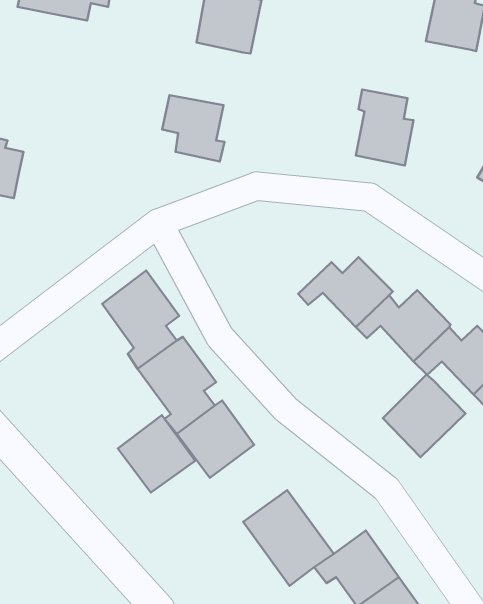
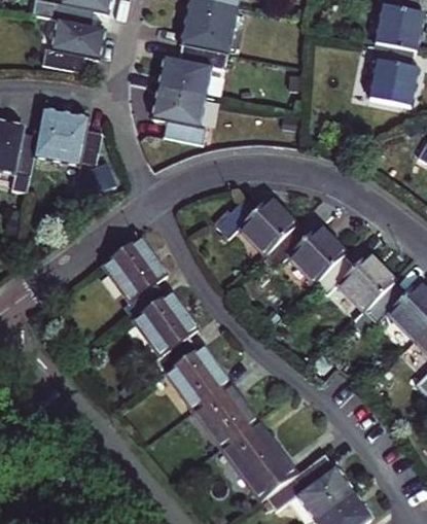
building: none -> [41,20,105,72]
building: none -> [159,44,221,97]
building: [356,89,414,165] -> [369,43,418,107]
building: none -> [33,111,102,172]
building: none -> [217,197,297,255]
building: [383,374,466,457] -> none
building: [118,415,195,493] -> [193,382,258,447]

